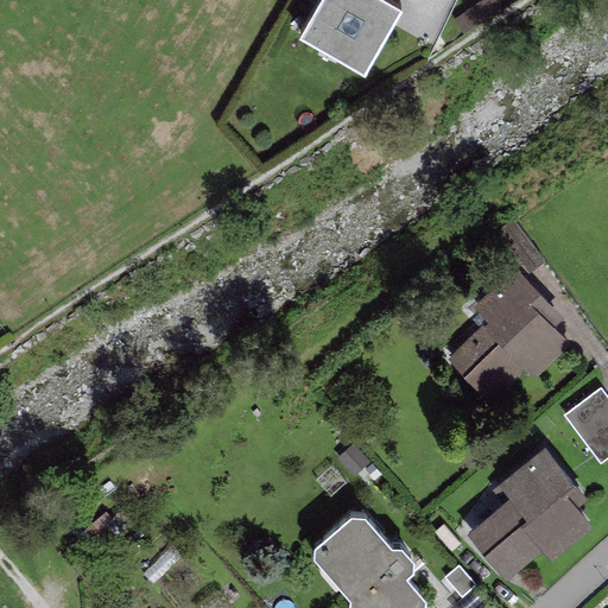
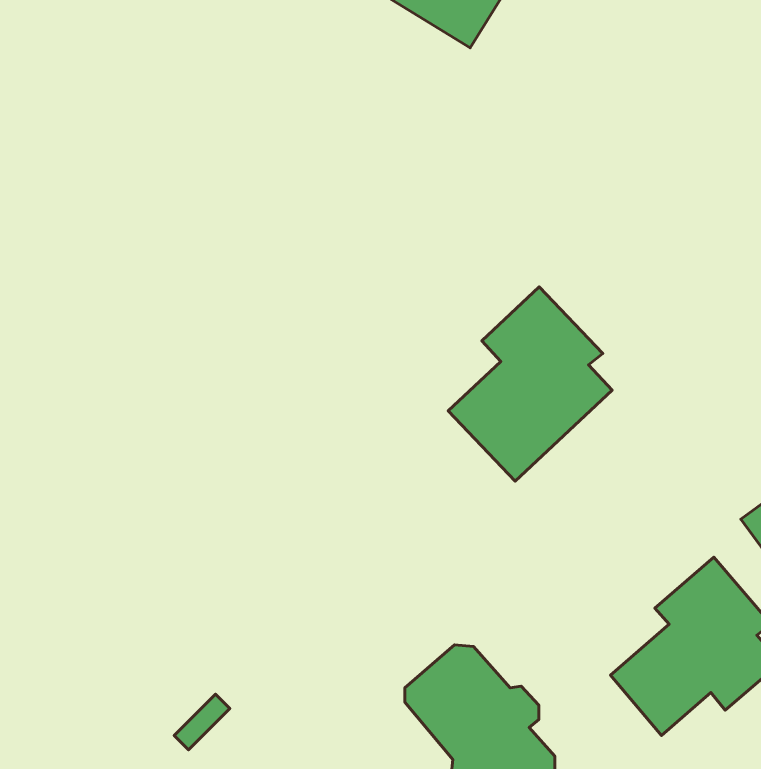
building: [446,267,569,412] -> [448,287,612,481]

